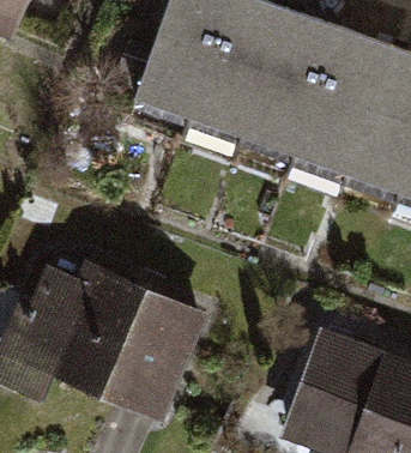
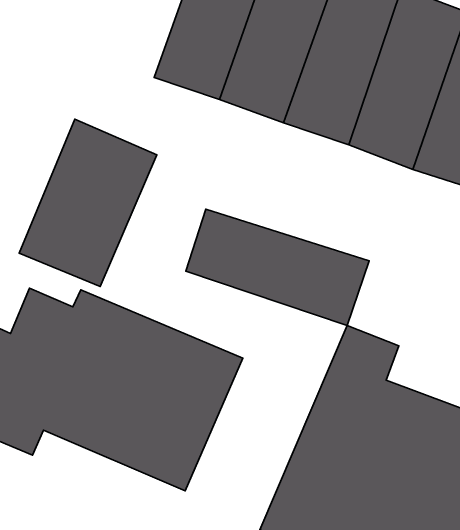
building: none -> [19,119,157,287]
building: none -> [186,209,369,326]

